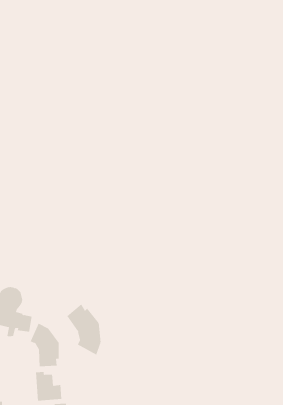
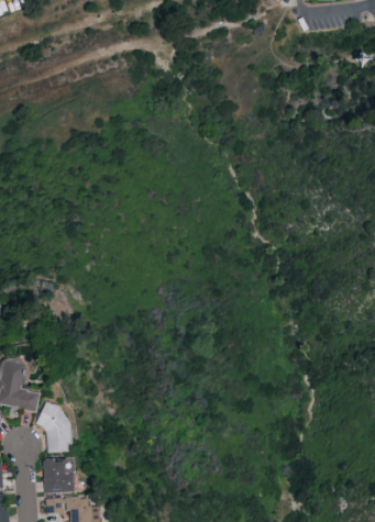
building: [66,303,101,355] -> none

